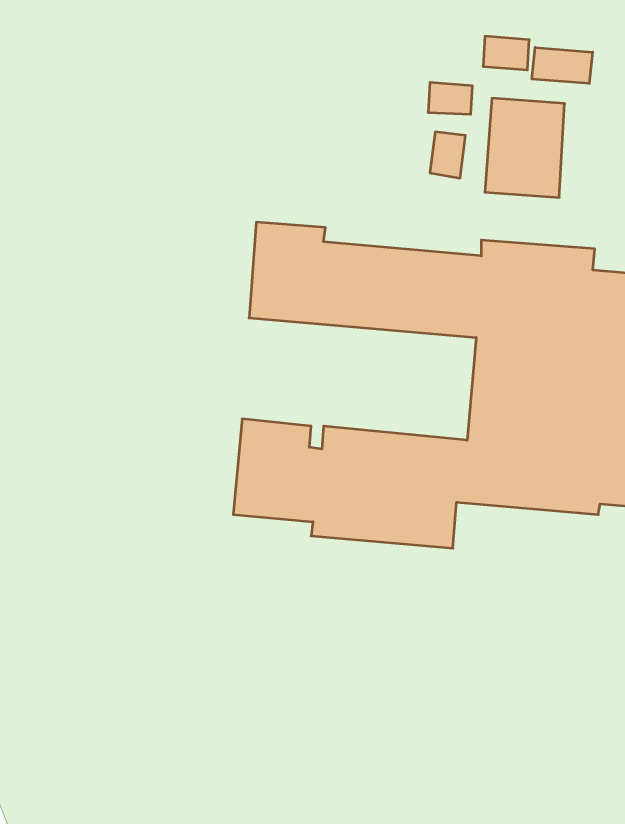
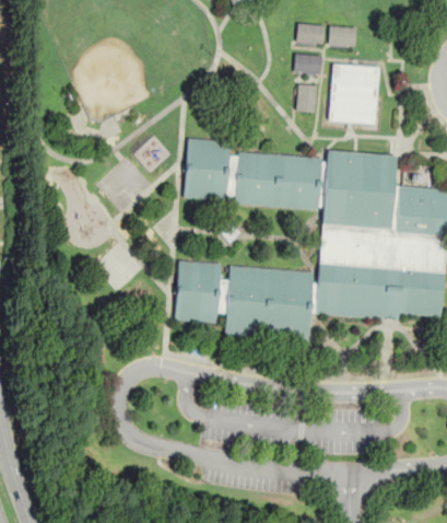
building: none -> [296,23,325,45]
building: [532,47,593,84] -> none

